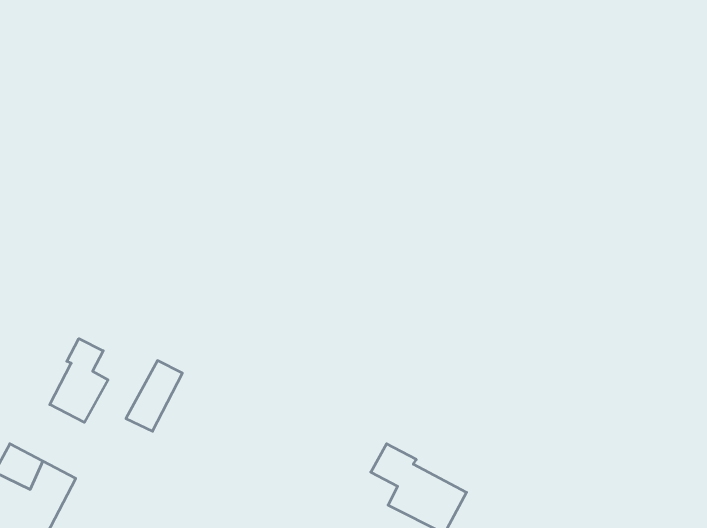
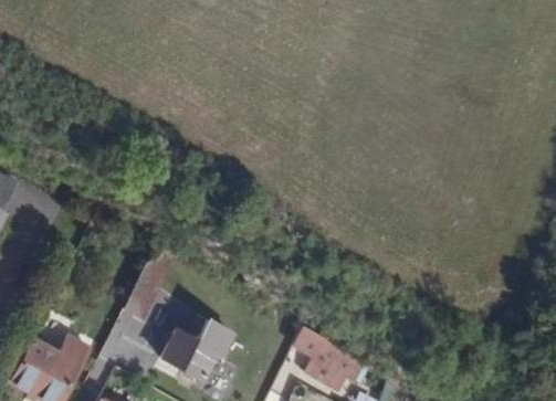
building: [50,339,108,422] -> none
building: none -> [160,315,235,377]

